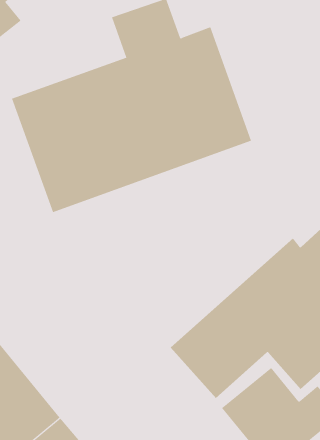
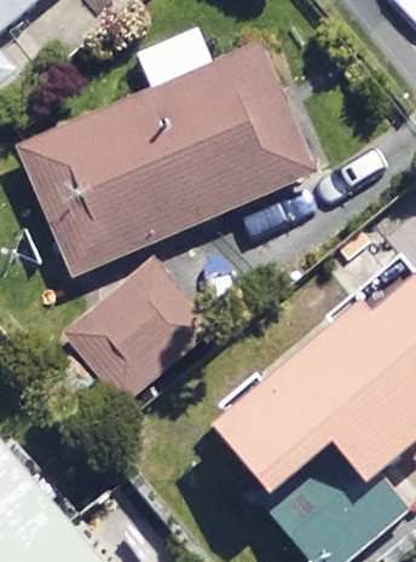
building: none -> [70,270,208,402]

